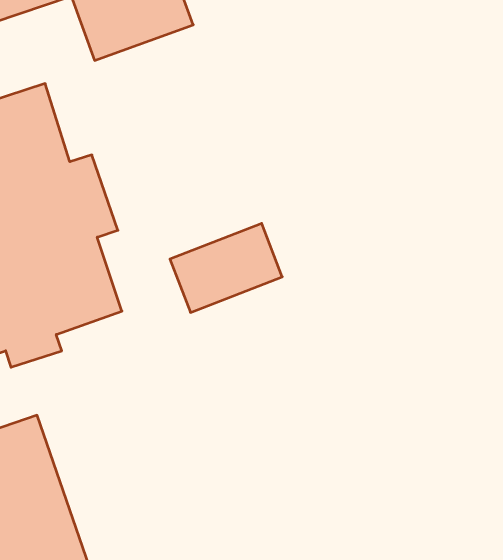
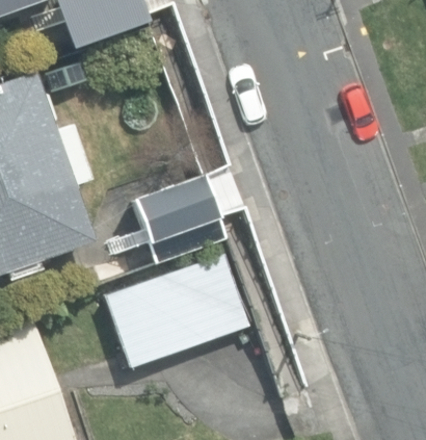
building: none -> [101,239,252,369]

